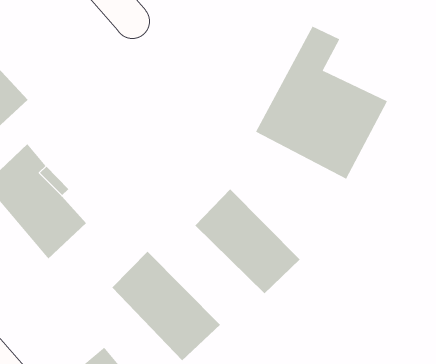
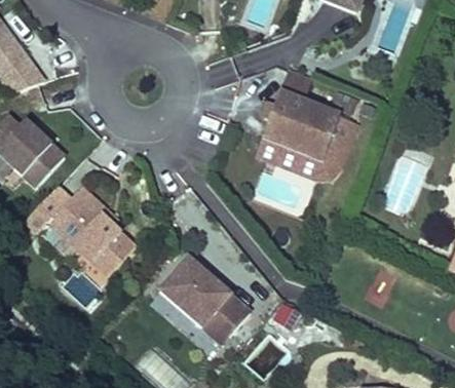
building: [194,188,300,294] -> none

